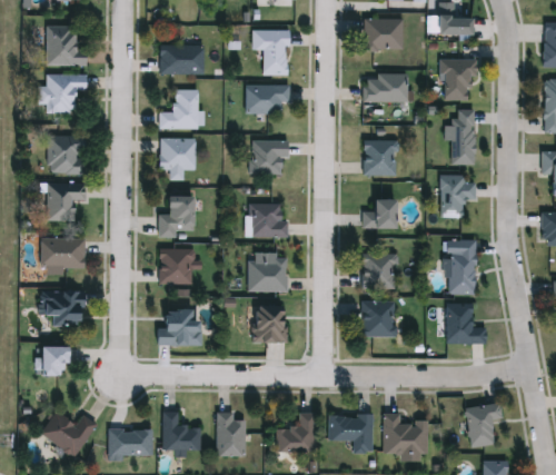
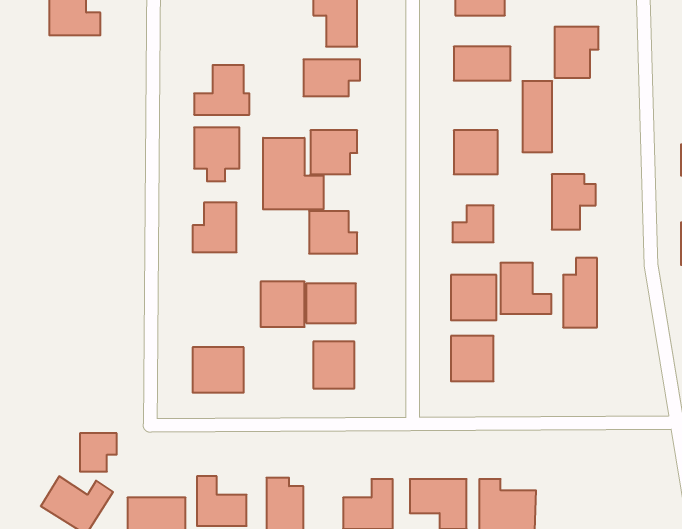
building: [160,46,205,75] -> none
building: [44,75,87,113] -> none
building: [451,109,475,165] -> [522,81,552,152]
building: [49,136,86,175] -> none
building: none -> [263,138,323,209]
building: [48,184,87,221] -> none
building: [41,238,86,268] -> none
building: [159,249,193,285] -> [261,282,305,327]
building: [42,291,83,325] -> none
building: [446,304,486,344] -> [500,263,551,314]
building: [39,346,68,376] -> [80,433,117,472]
building: [466,404,502,447] -> none

